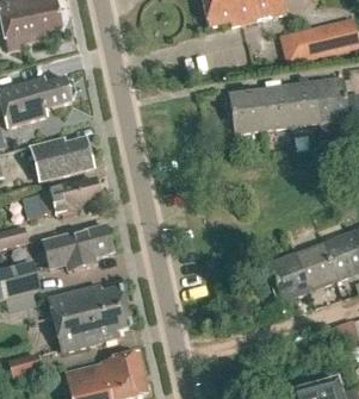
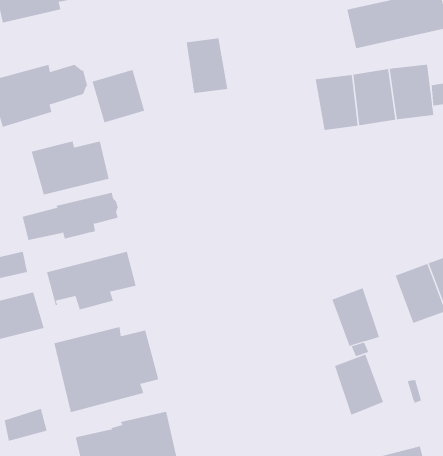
building: none -> [92,69,145,123]
building: [228,89,261,133] -> [186,38,228,94]
building: [292,244,332,293] -> [334,354,384,416]

